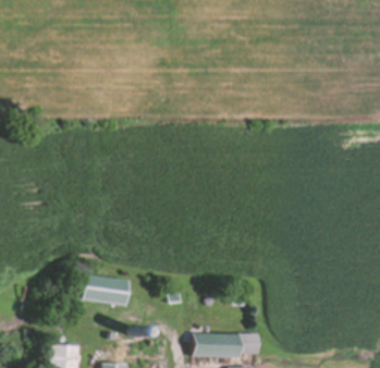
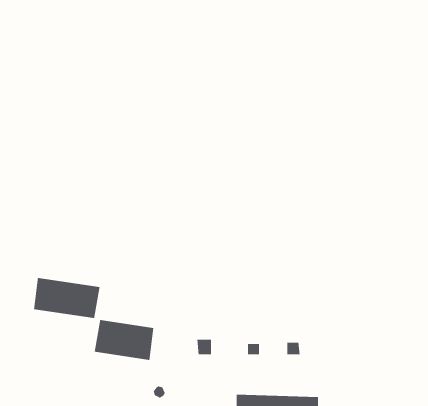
building: none -> [34,277,100,319]

